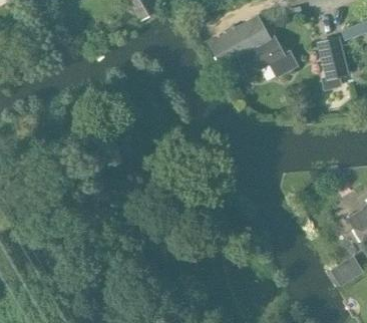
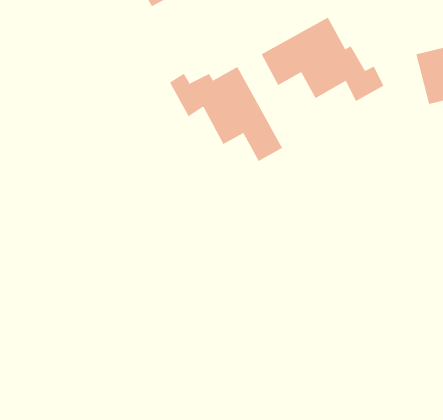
building: none -> [169,66,283,162]

